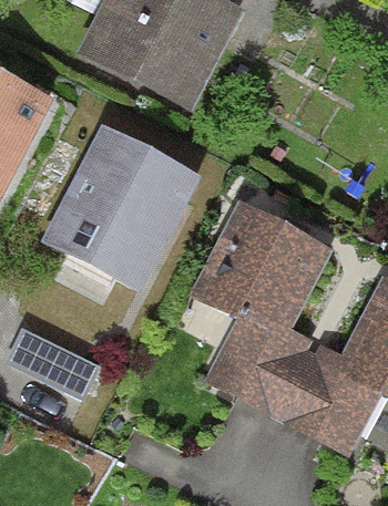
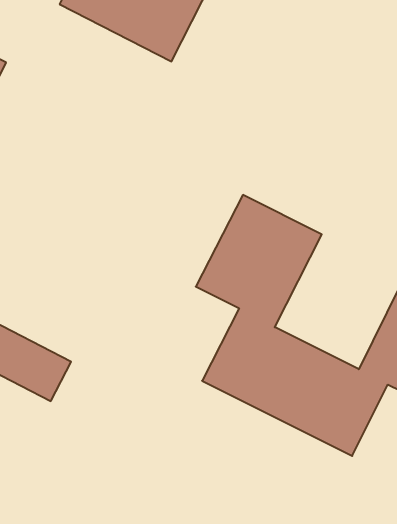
building: [51,136,188,282] -> none

